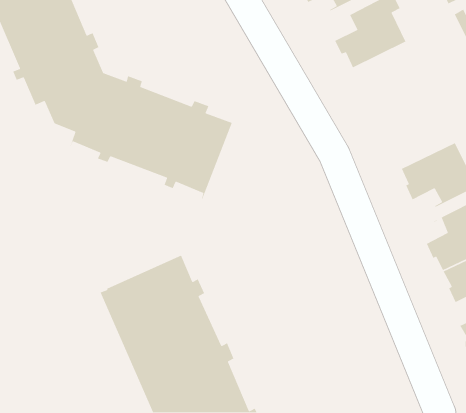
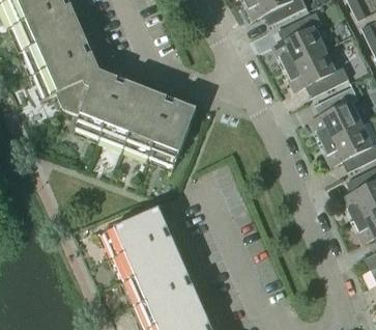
building: none -> [285,48,348,97]
building: none -> [308,85,361,142]

